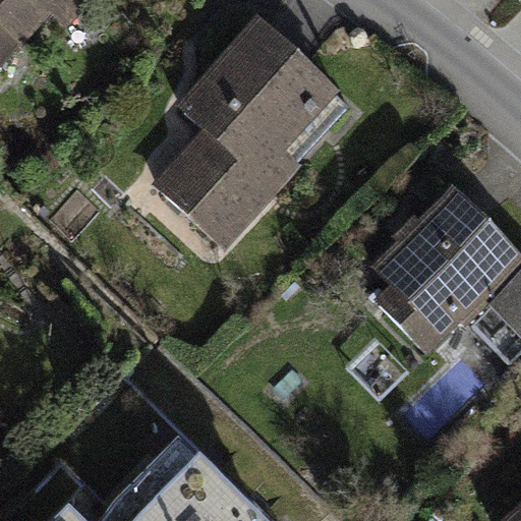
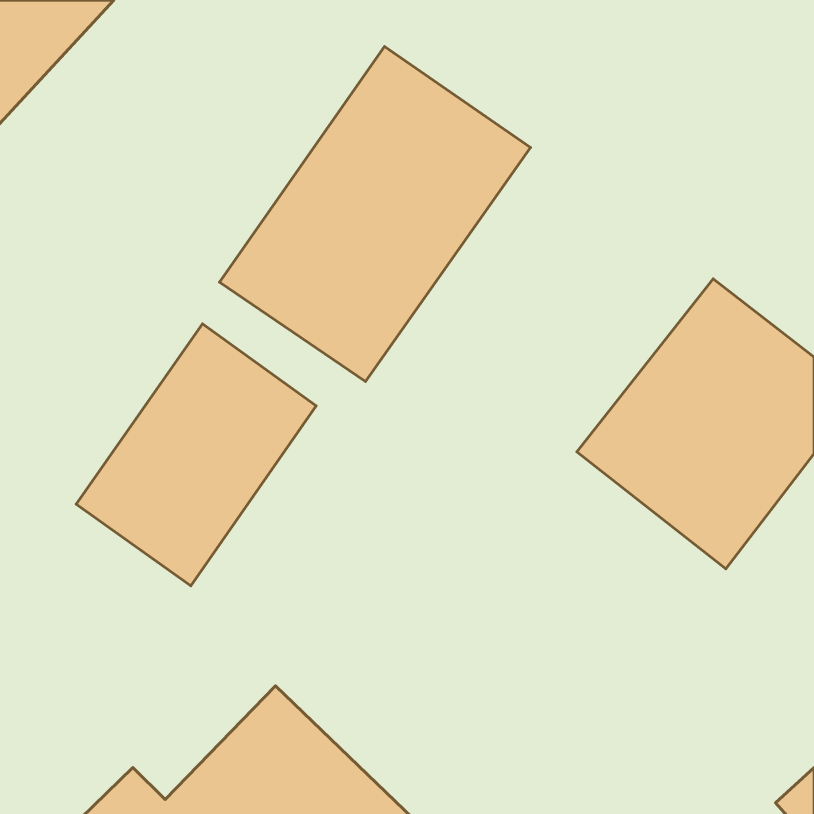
building: none -> [76,324,316,586]

